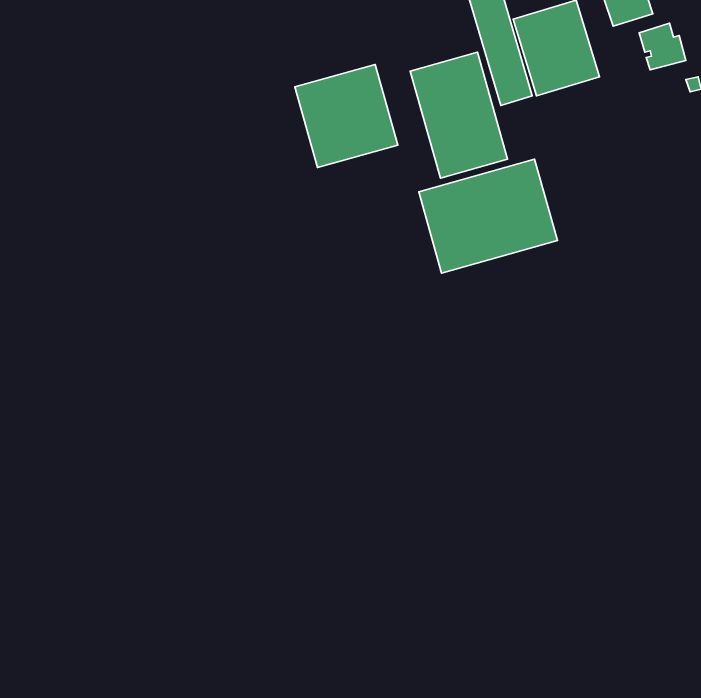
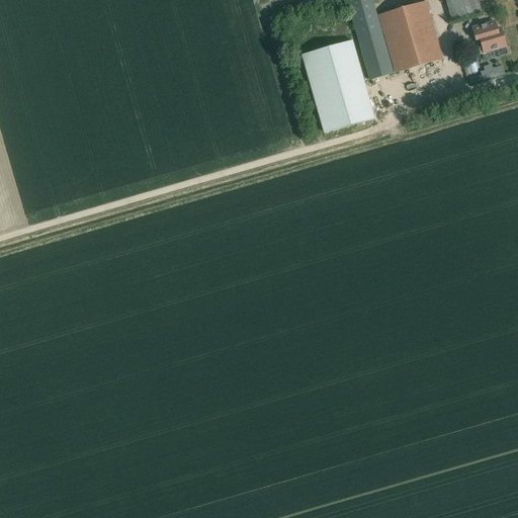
building: [295,64,398,167] -> none
building: [419,159,557,273] -> none

